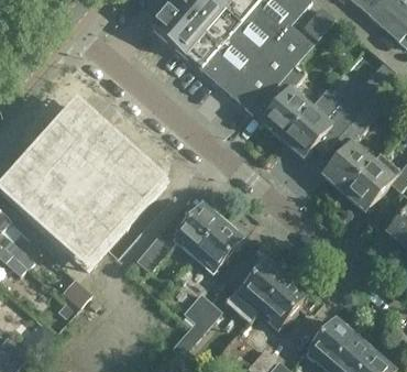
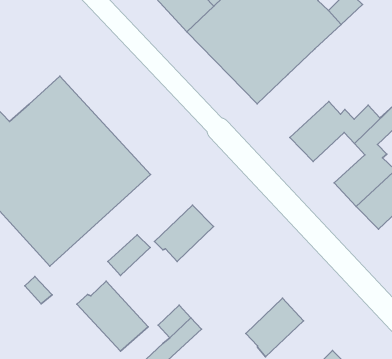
building: [262,61,314,139] -> none
building: [196,221,244,273] -> none
building: [228,261,289,320] -> none
building: none -> [77,281,148,351]

